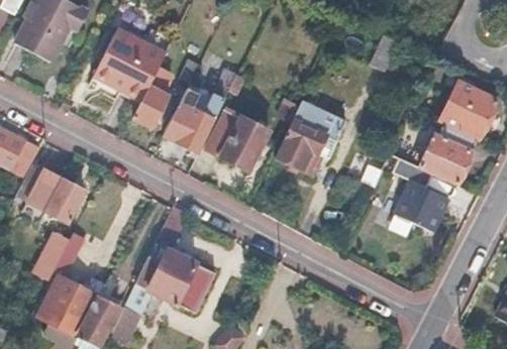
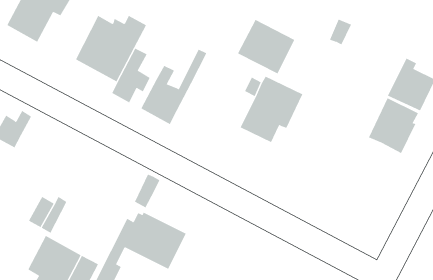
building: [202,106,267,167] -> [237,19,295,74]
building: [392,156,448,232] -> none
building: [15,163,83,223] -> none

